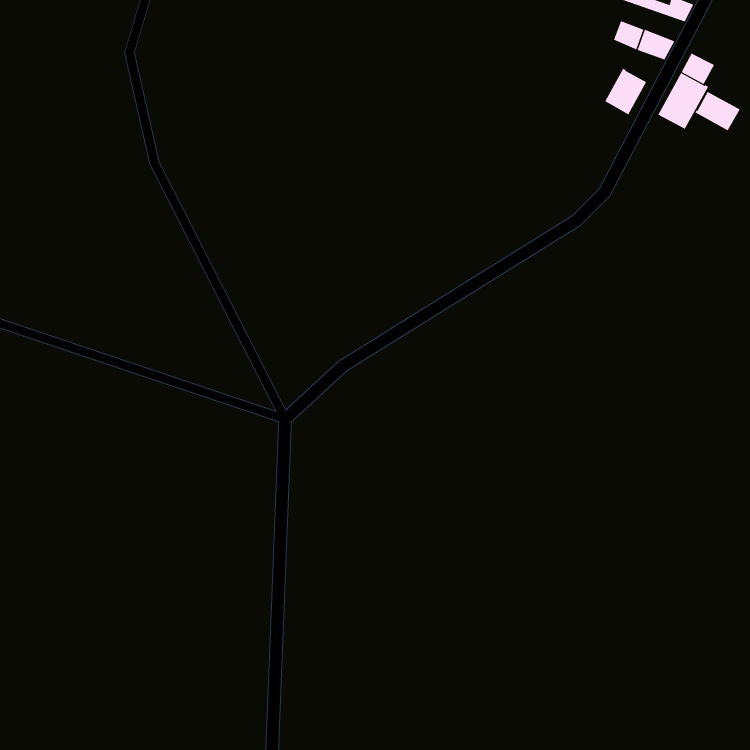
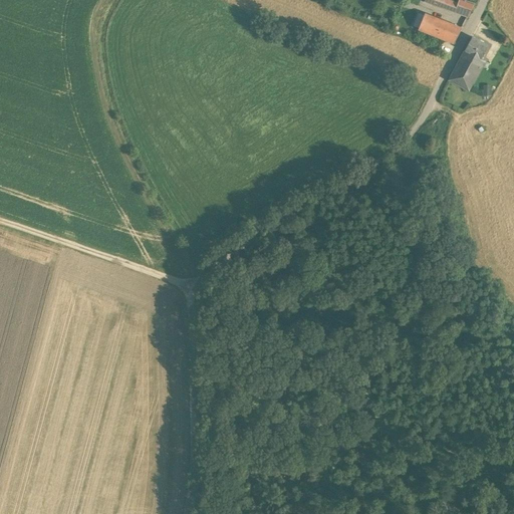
building: [604,68,647,115] -> none
building: [695,91,740,131] -> none

